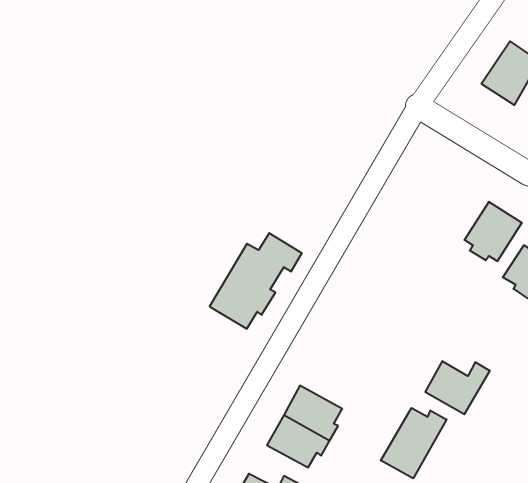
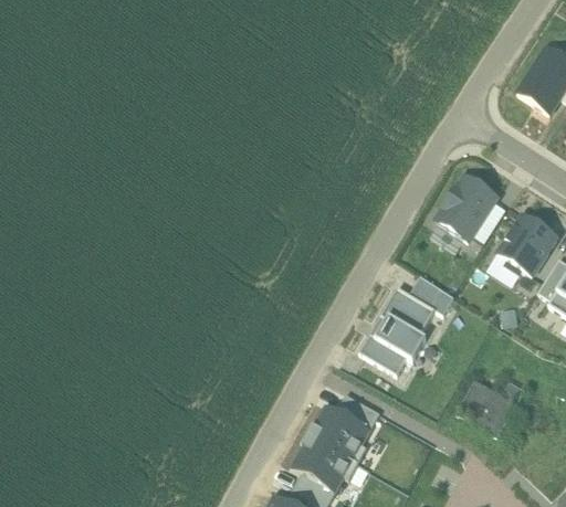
building: none -> [438,177,496,240]
building: [210,233,302,329] -> [359,275,455,374]
building: [381,408,447,478] -> none

